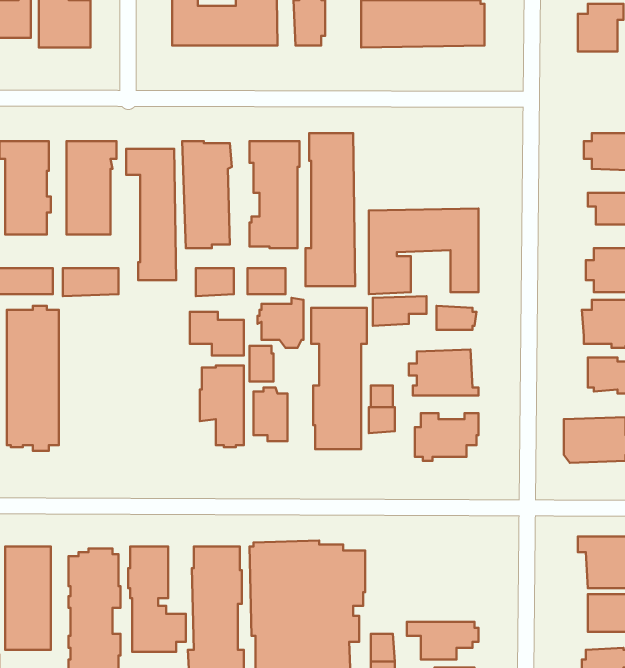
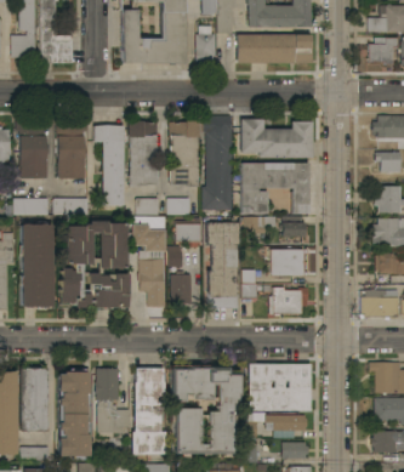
building: none -> [241,119,313,158]
building: none -> [59,221,129,311]
building: none -> [249,364,312,411]

